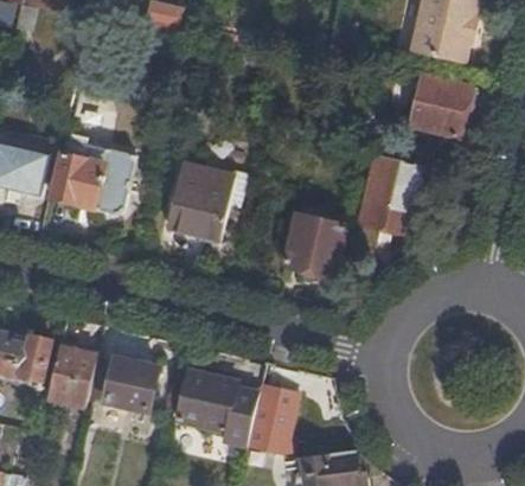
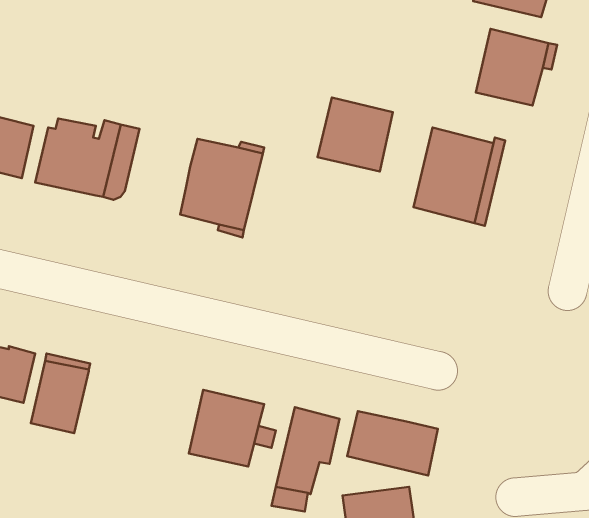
building: [283,215,345,275] -> [317,98,393,172]
building: [87,356,158,410] -> none
building: none -> [347,411,438,476]

